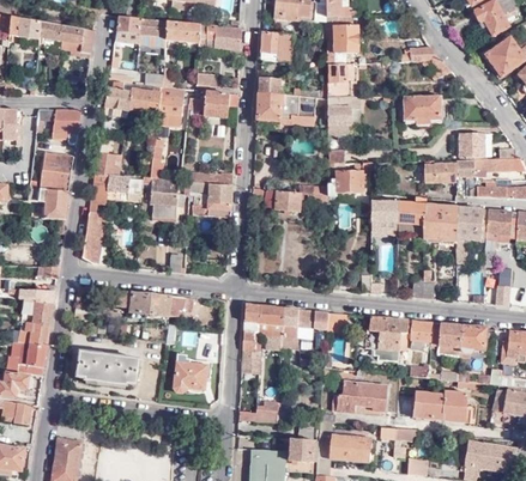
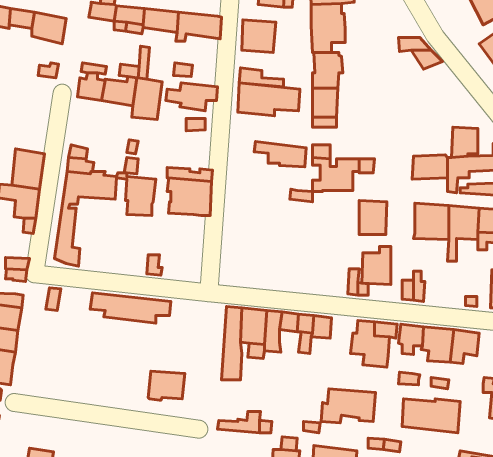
building: [404,93,440,120] -> none
building: [52,110,80,145] -> none
building: [250,185,300,209] -> [254,142,306,167]
building: [397,197,424,233] -> [362,246,391,284]
building: [75,349,139,385] -> none

